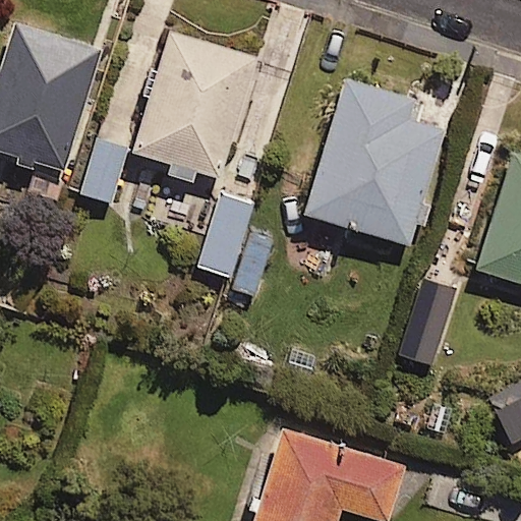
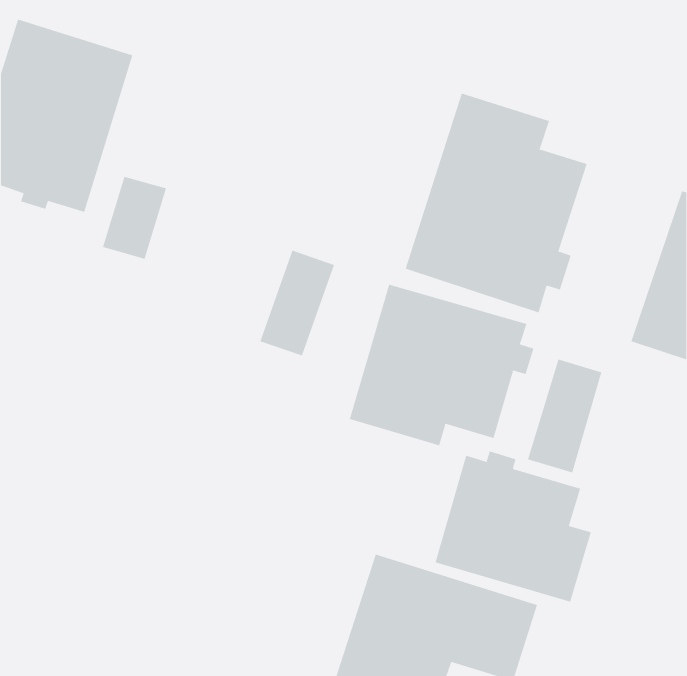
building: [128,30,260,184] -> none
building: none -> [349,284,534,446]
building: none -> [435,451,592,603]

